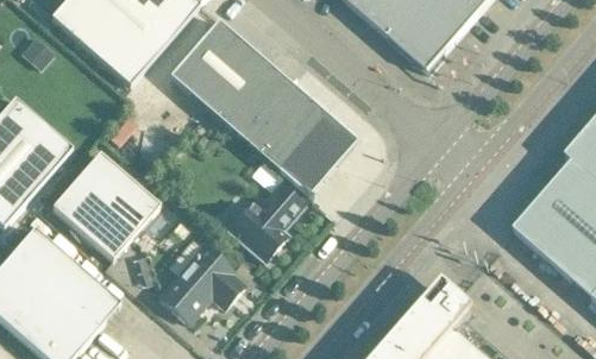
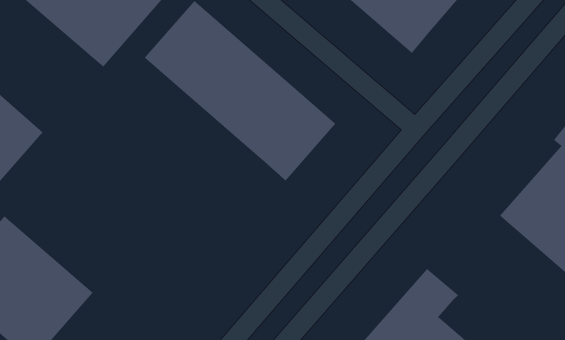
building: [52,152,159,259] -> none
building: [228,183,303,262] -> none
building: [158,244,244,321] -> none

